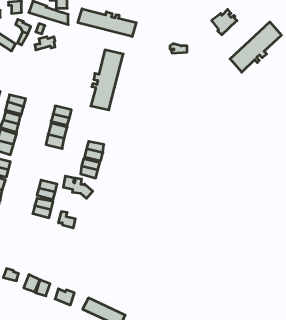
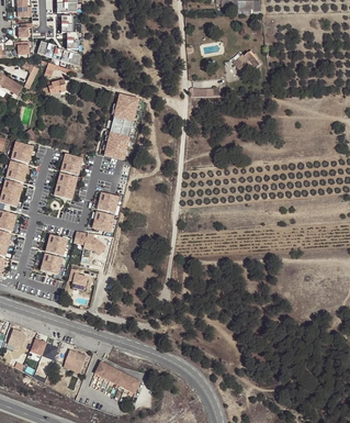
building: [78,9,136,37] -> none
building: [230,22,281,72] -> none

